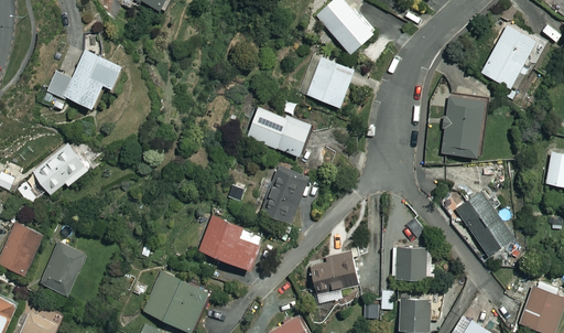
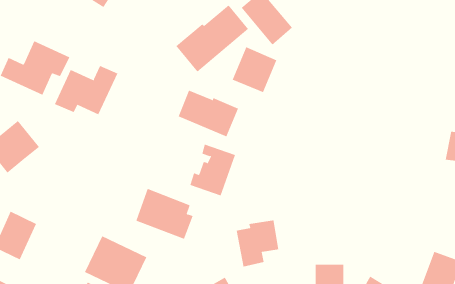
building: none -> [176,5,249,72]
building: [479,24,536,88] -> none
building: none -> [54,65,118,115]
building: [440,92,486,158] -> none
building: [454,190,516,258] -> none
building: [391,247,429,281] -> none

